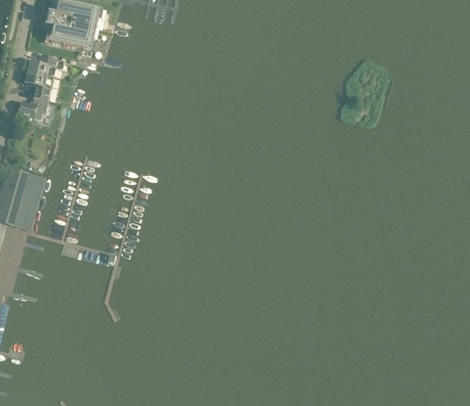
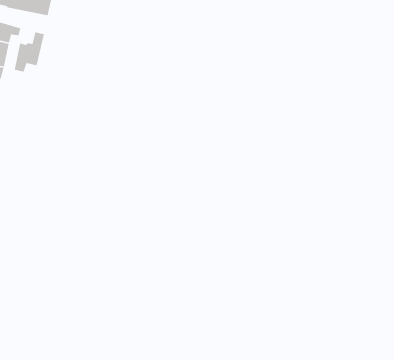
building: none -> [14,32,45,73]

